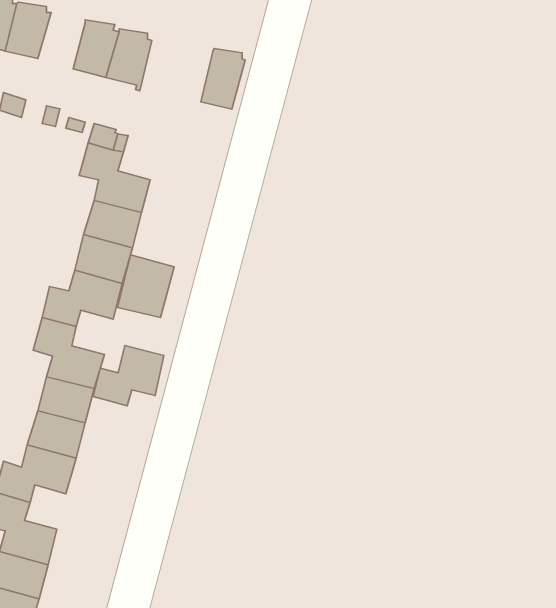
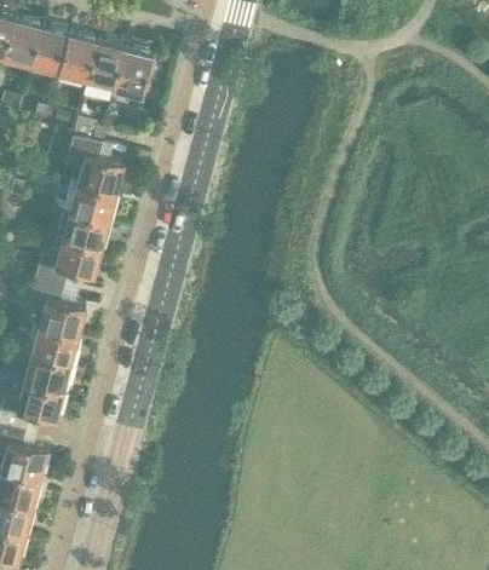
building: none -> [31,29,70,76]
building: [201,48,245,109] -> [115,51,151,100]
building: [118,255,174,317] -> none
building: [93,345,164,406] -> none

